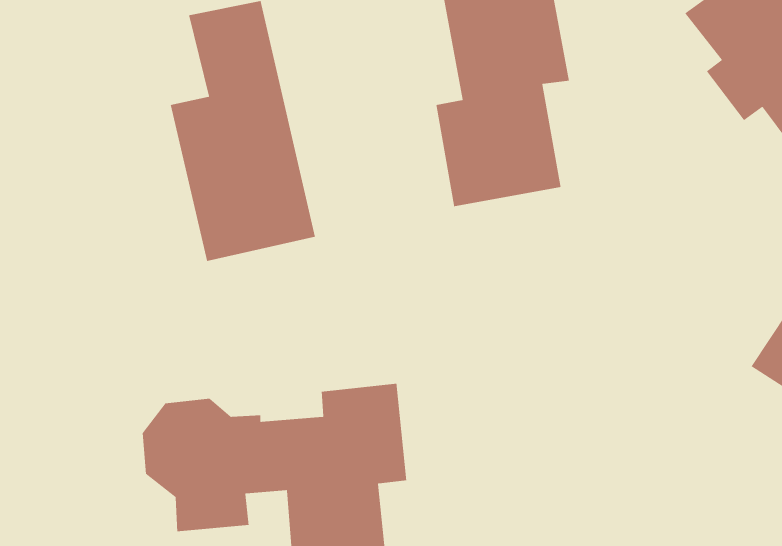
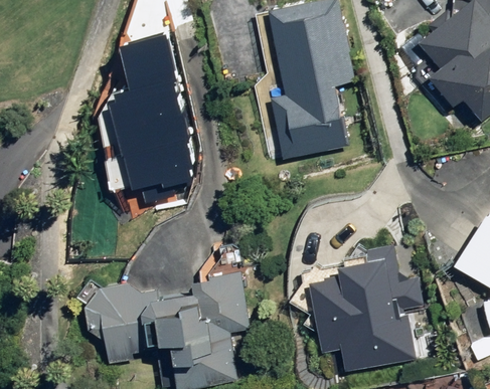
building: none -> [314,243,425,363]

